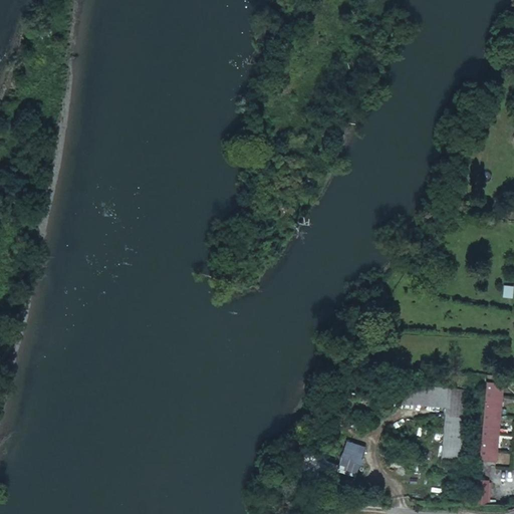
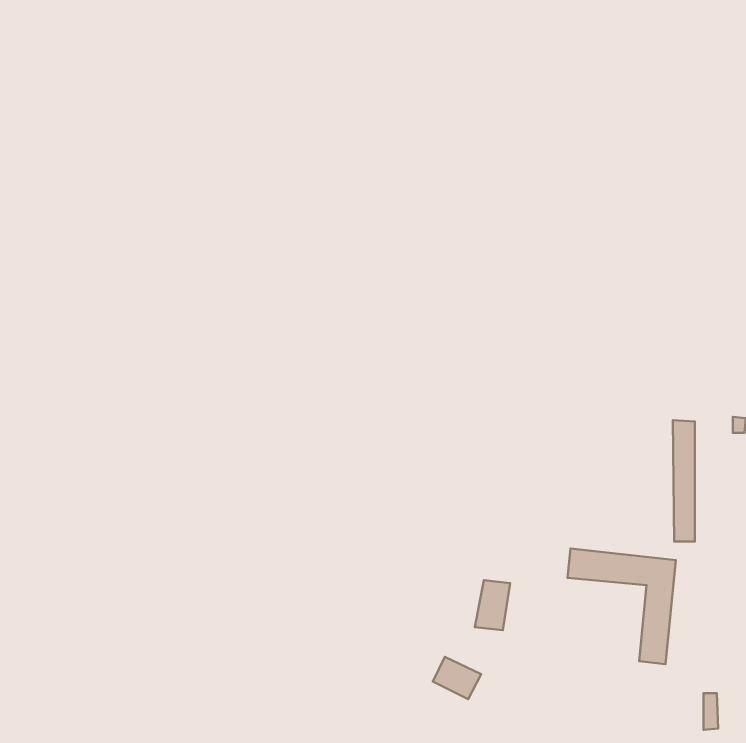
building: [483,379,498,463] -> [673,420,695,541]
building: [339,445,363,479] -> [475,580,510,630]

